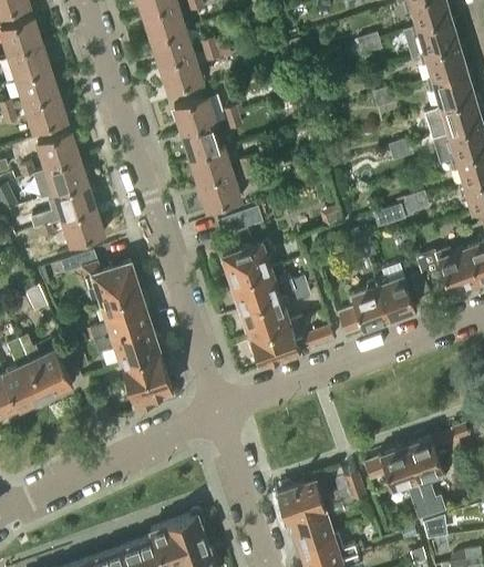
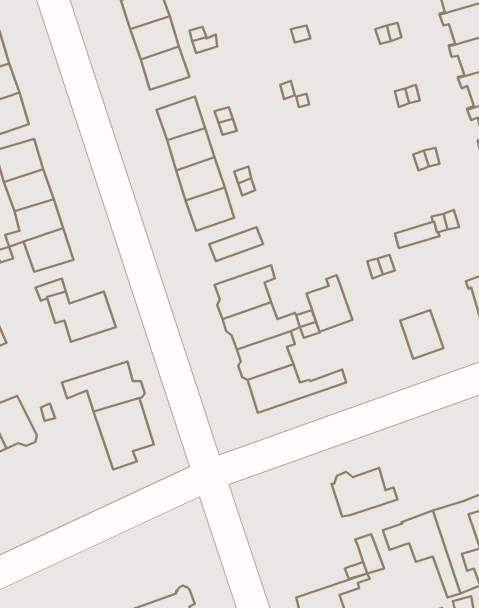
building: [351,280,390,328] -> [306,275,352,332]
building: [90,291,150,338] -> none
building: [276,478,331,519] -> [332,468,397,517]

